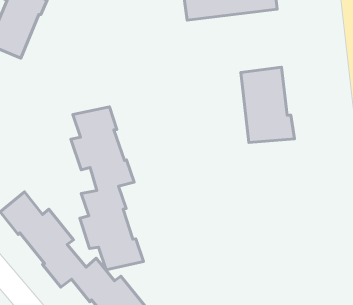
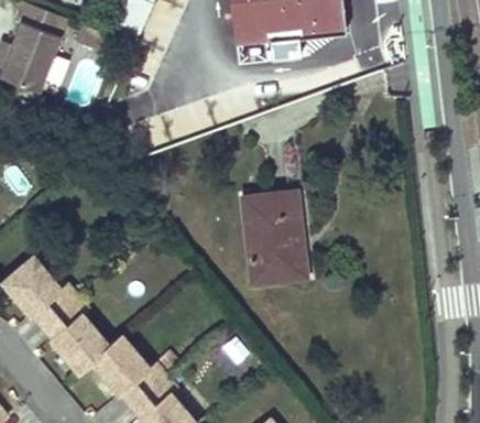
building: [241,67,294,143] -> [241,192,306,283]
building: [71,107,143,270] -> none

